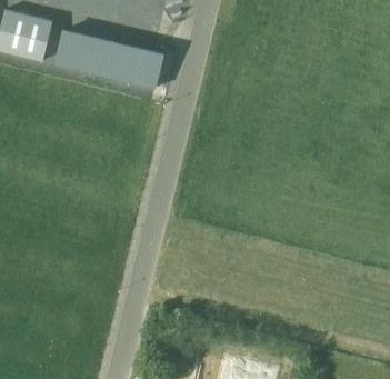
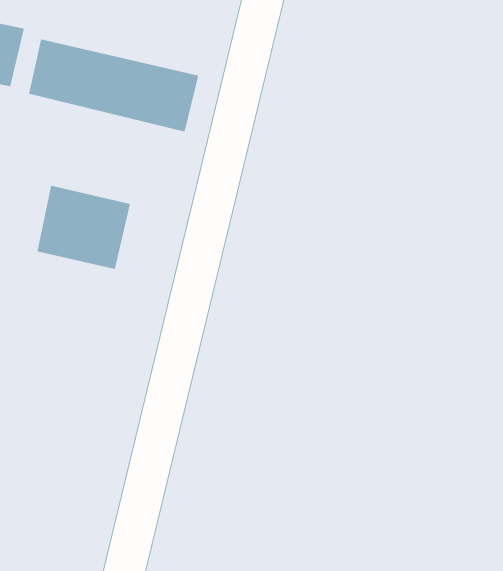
building: none -> [36,185,131,270]

